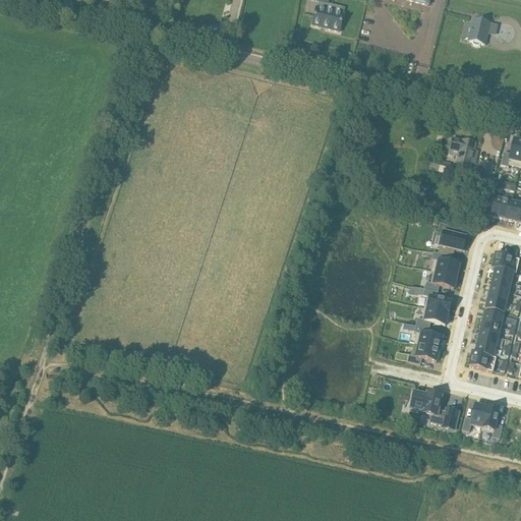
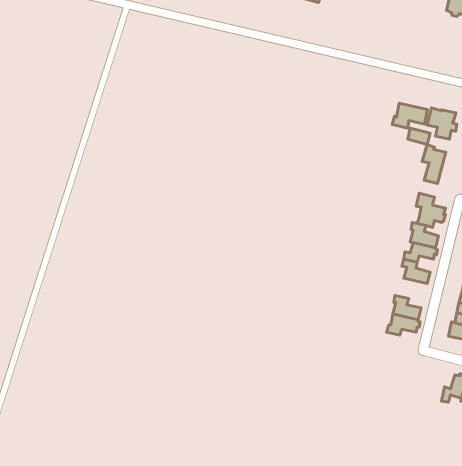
building: none -> [392,103,427,128]
building: none -> [422,144,446,183]
building: [415,305,450,326] -> none
building: [413,391,460,428] -> none

